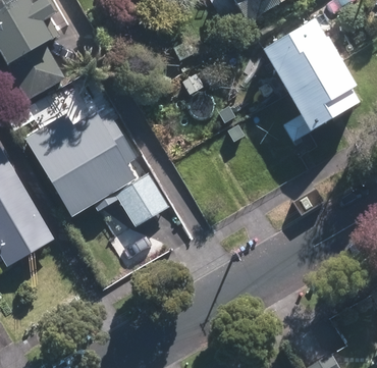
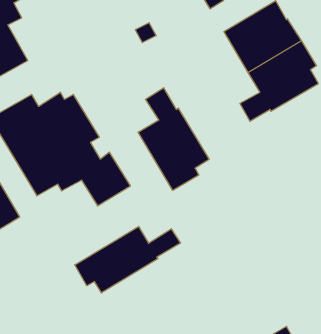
building: none -> [138,88,209,190]
building: none -> [75,226,181,293]

